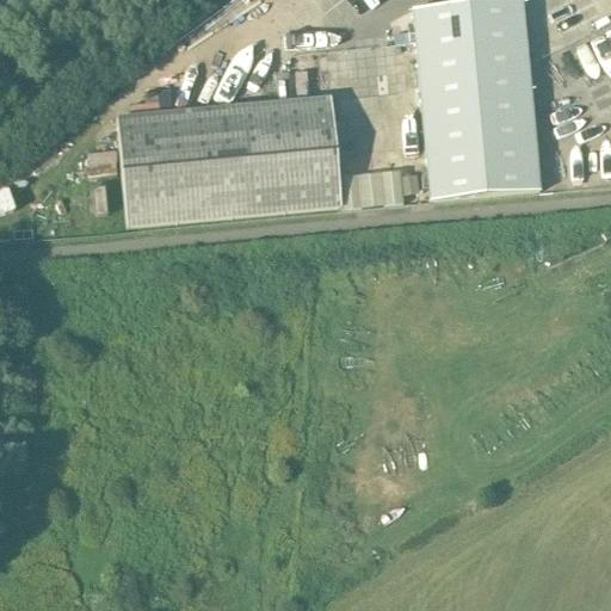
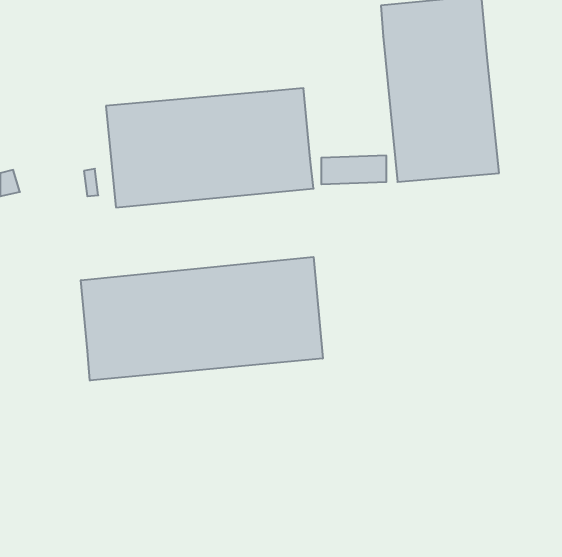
building: none -> [81,257,323,381]

